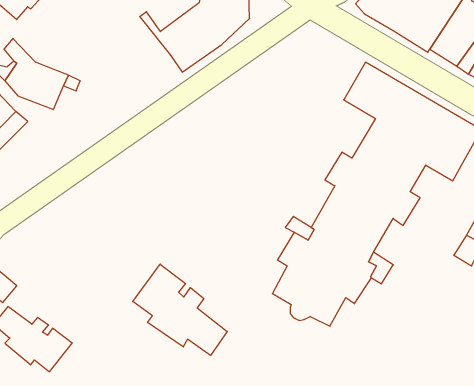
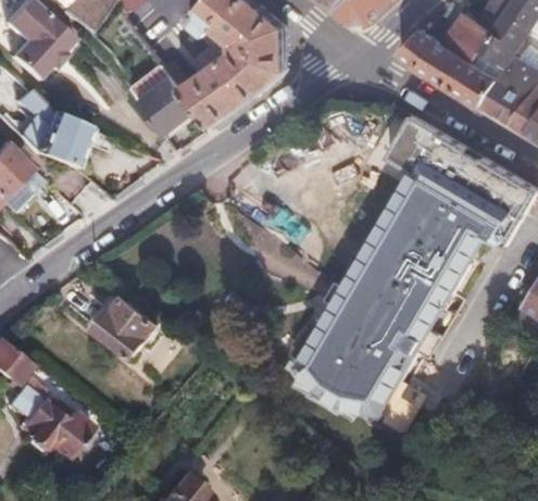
building: none -> [129,63,198,135]
building: none -> [93,295,160,356]
building: [133,264,227,355] -> none

